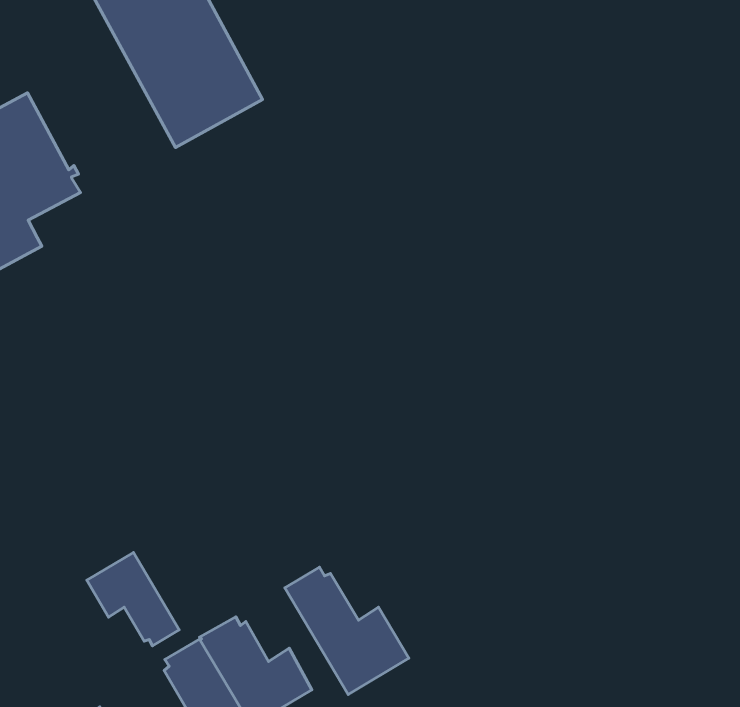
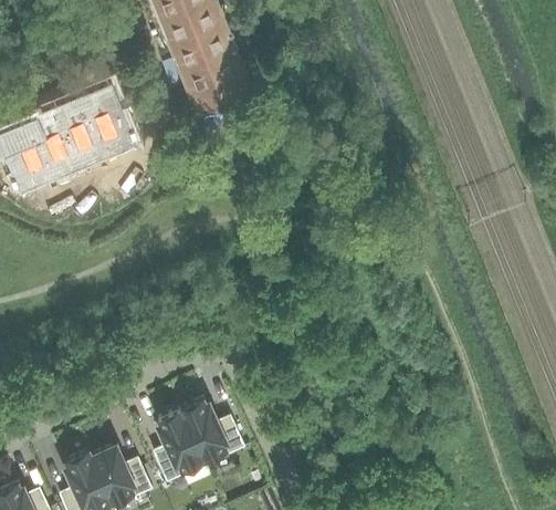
building: [87,552,179,646] -> none
building: [285,567,409,694] -> none

